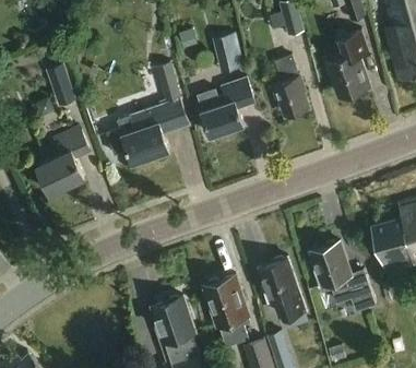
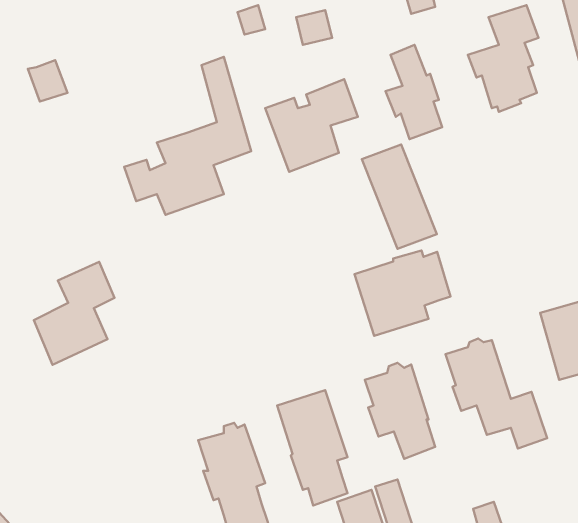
building: none -> [362,145,437,249]
building: [37,129,88,194] -> [34,262,114,365]
building: none -> [354,250,451,336]

